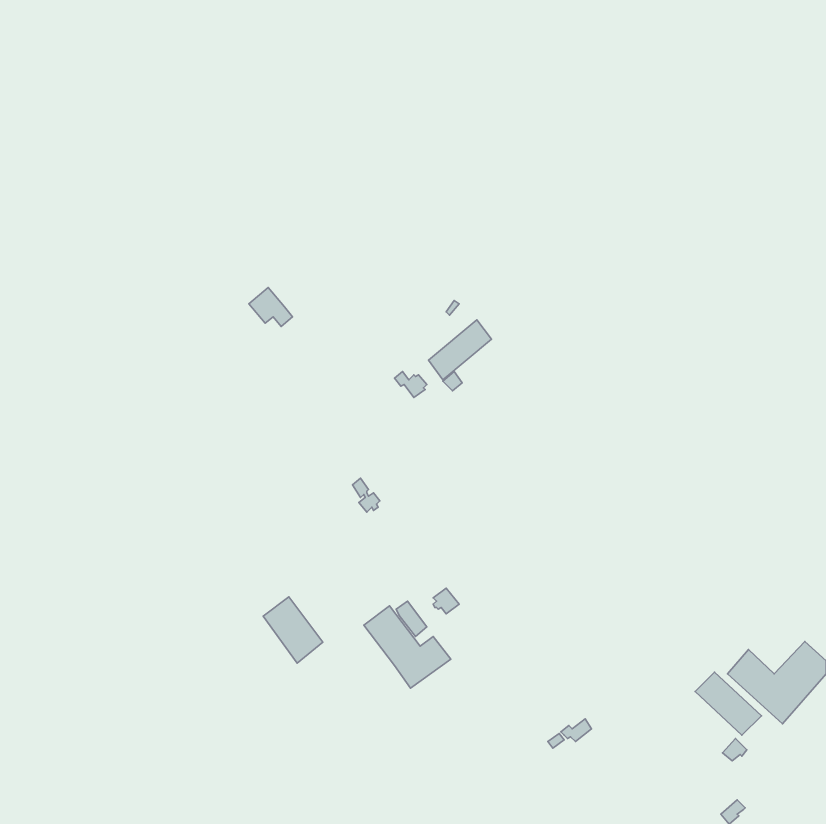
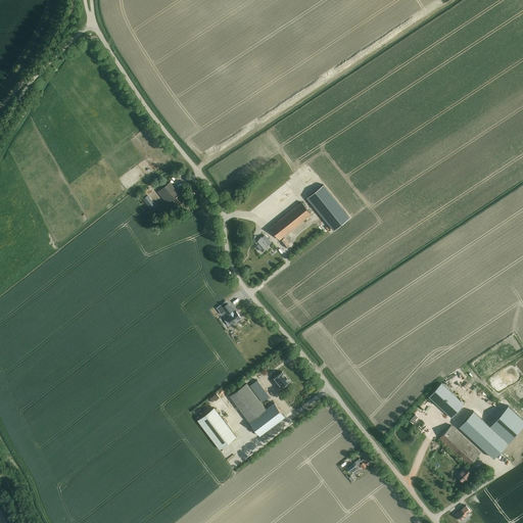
building: none -> [307,186,349,231]
building: [263,597,323,663] -> [198,409,236,450]
building: none -> [429,384,464,419]

